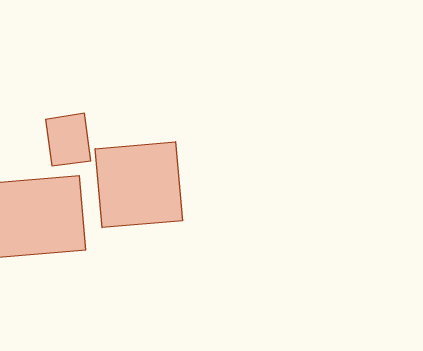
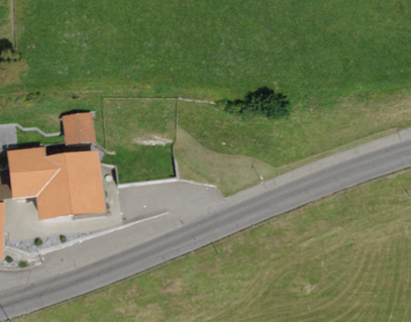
building: [95,142,182,228] -> none

